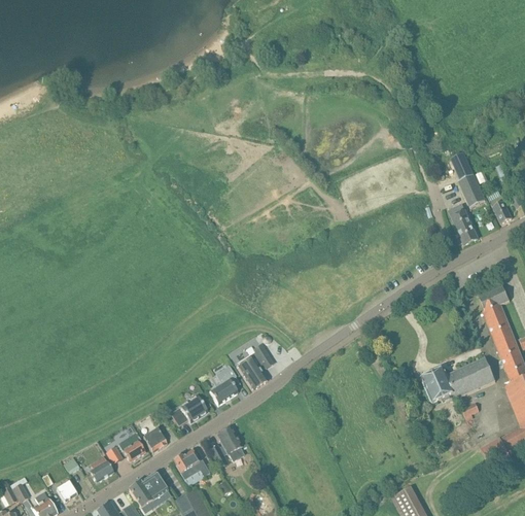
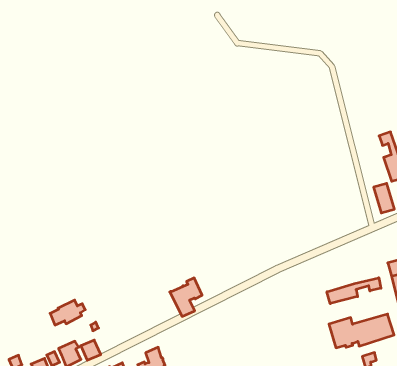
building: none -> [327,278,381,304]
building: [209,364,240,404] -> none
building: [171,394,210,425] -> [50,300,85,325]

